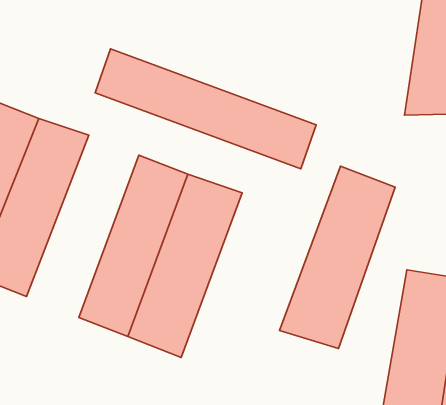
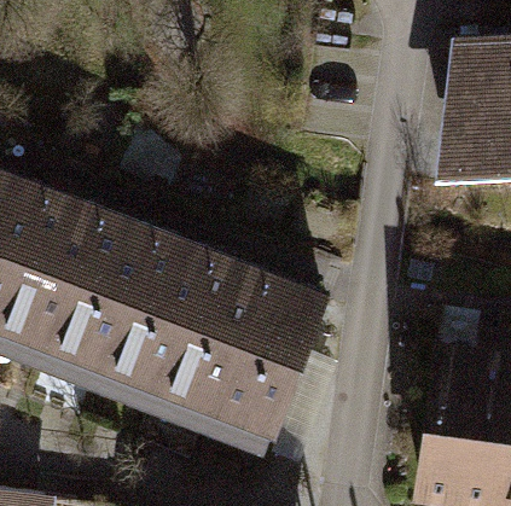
building: [95,49,316,169] -> none
building: none -> [41,191,163,389]
building: [279,166,395,348] -> [209,254,335,452]

